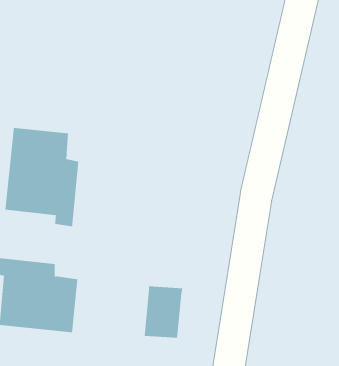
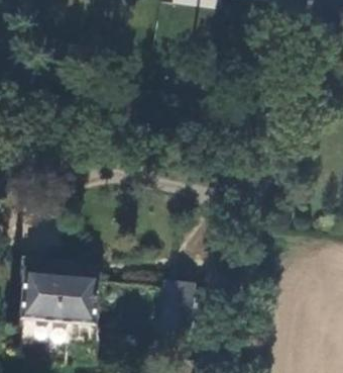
building: [5,127,79,227] -> none

